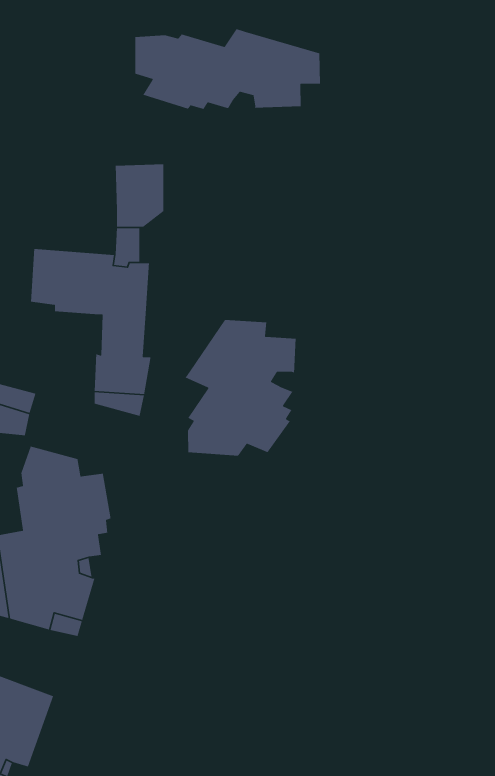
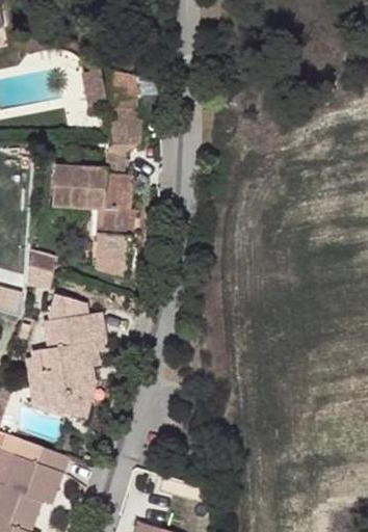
building: [134,28,321,110] -> none
building: [184,319,296,457] -> none

